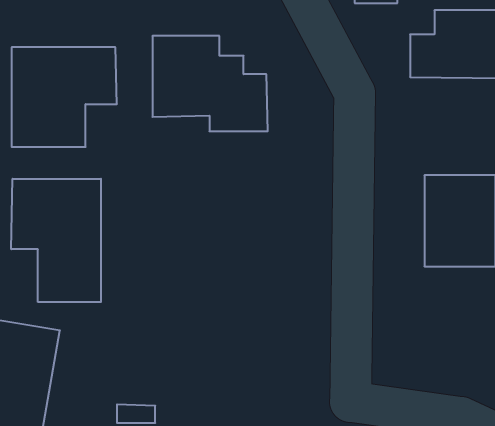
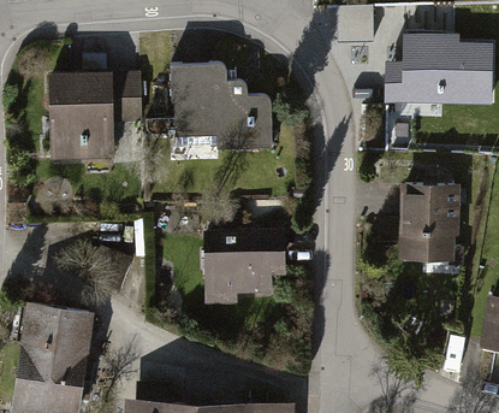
building: [11,179,101,302] -> none
building: none -> [207,234,283,296]

